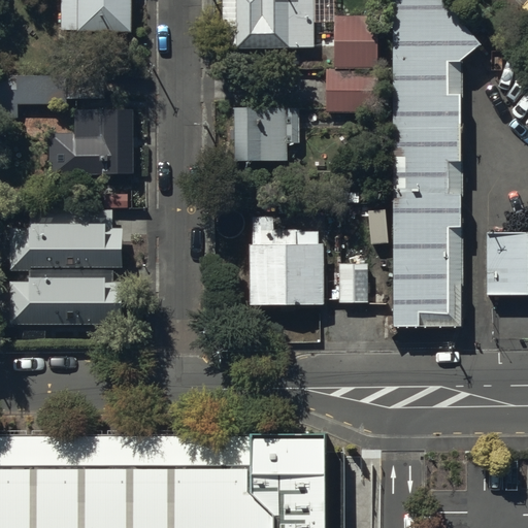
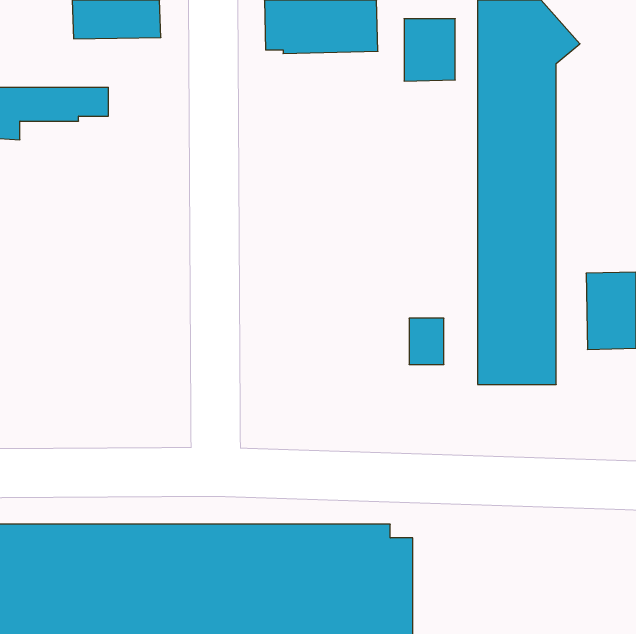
building: [325,73,376,116] -> none
building: [230,106,297,163] -> none
building: [48,110,132,175] -> none
building: [7,213,121,329] -> none
building: [249,221,324,307] -> none

